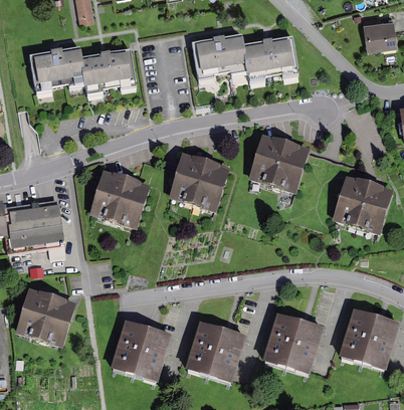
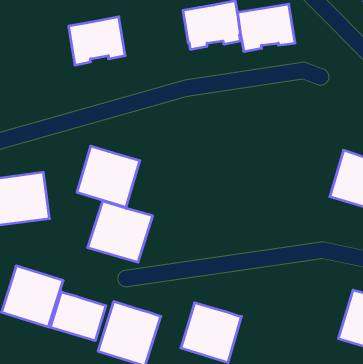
building: [28,47,84,92] -> none
building: [247,137,309,196] -> none
building: [167,156,229,214] -> [88,201,153,262]
building: none -> [50,292,106,341]
building: [261,315,323,375] -> none

